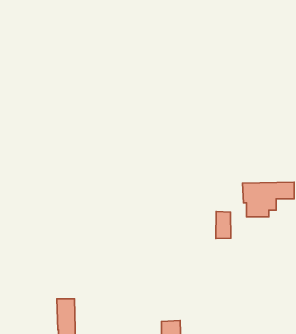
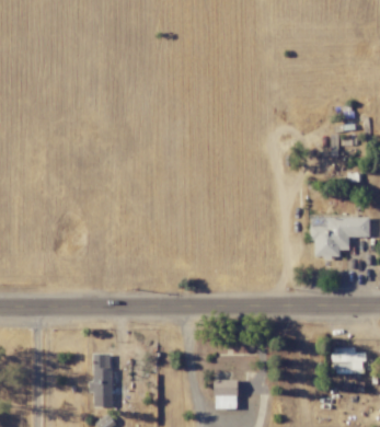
building: [216,212,231,238] -> none
building: none -> [333,347,365,373]

